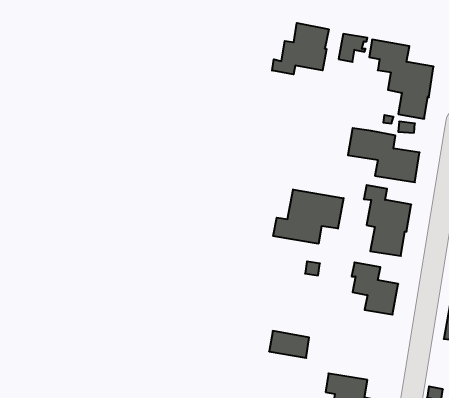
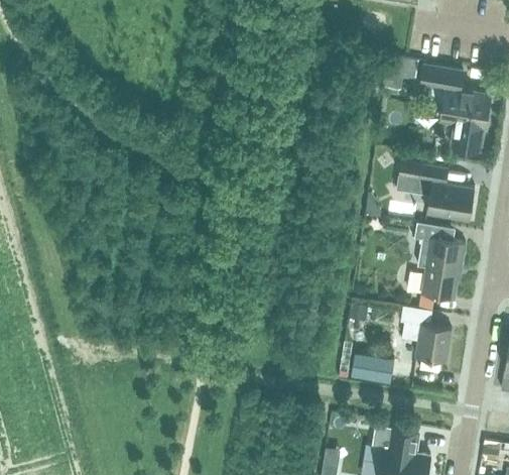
building: [272,23,329,74] -> none
building: [273,189,344,244] -> none
building: [269,331,309,358] -> [351,353,394,382]

